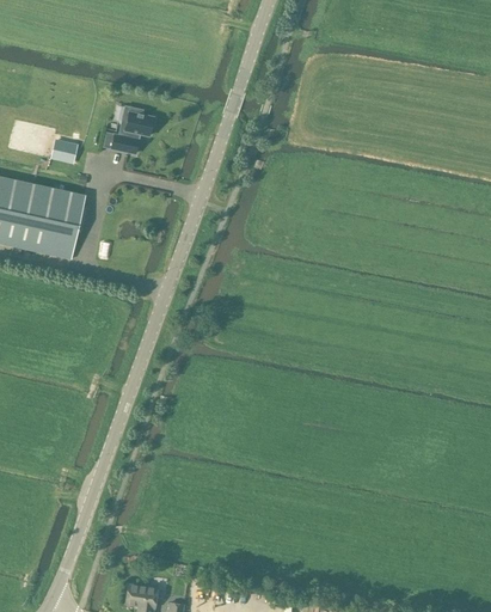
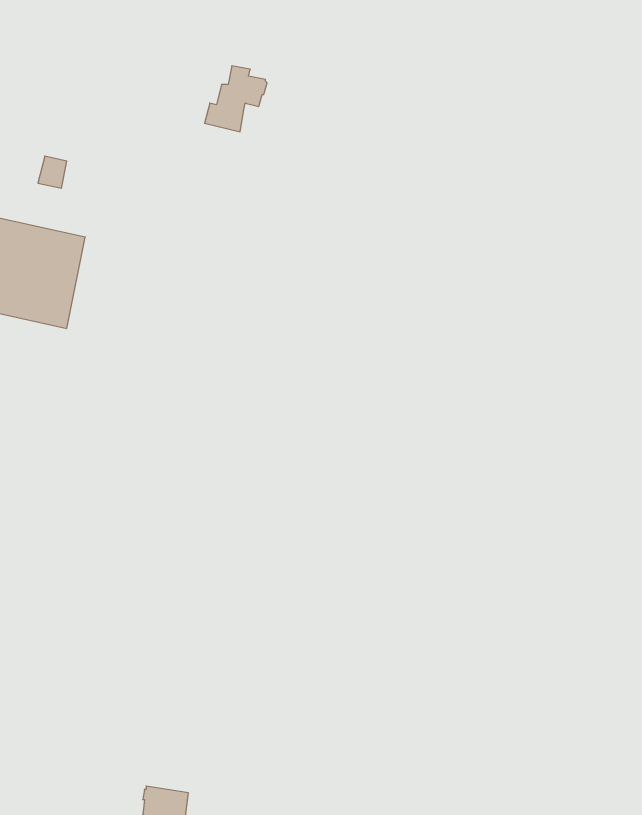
building: [111,108,155,154] -> [205,66,267,132]

